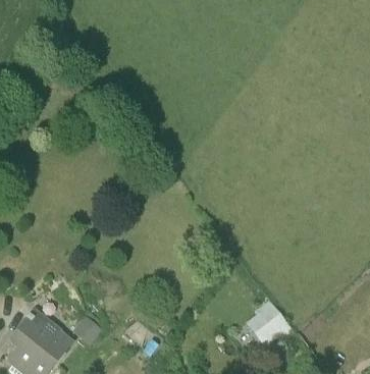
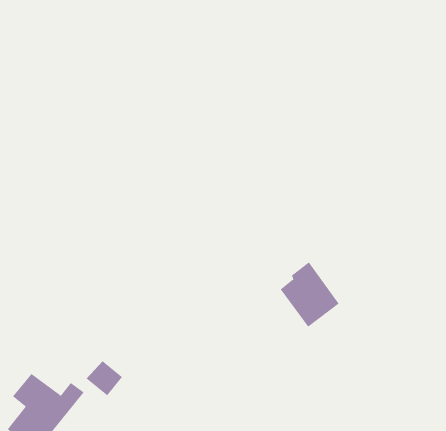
building: [246,298,294,351] -> [280,261,340,328]

